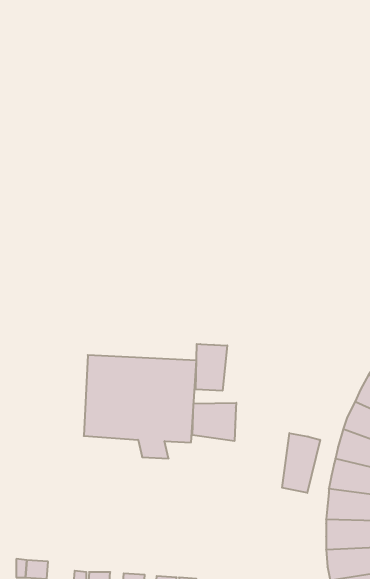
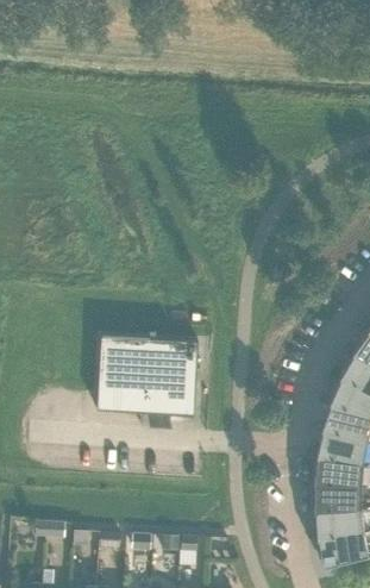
building: [196,344,227,391] -> none
building: [192,403,236,441] -> none
building: [282,433,320,493] -> none

